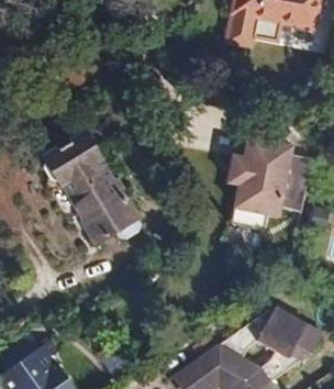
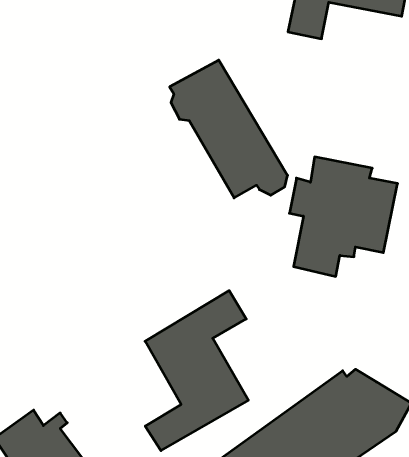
building: [45,133,137,241] -> [170,60,288,198]
building: none -> [145,291,248,451]

